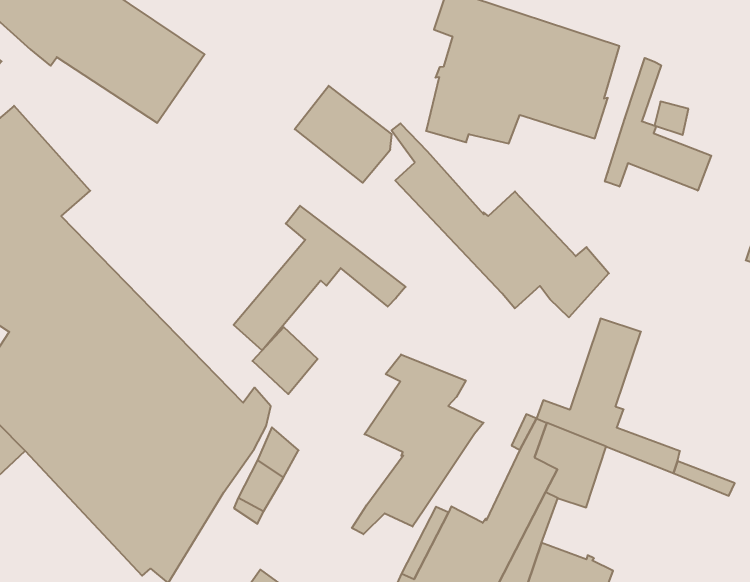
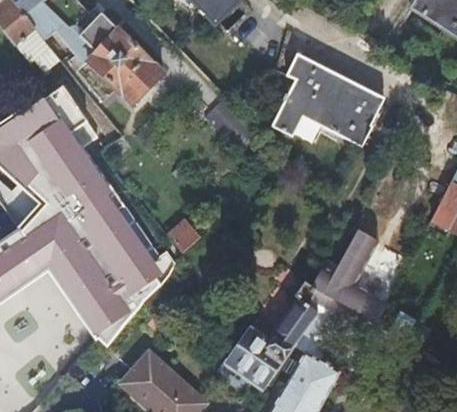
building: [605,58,711,191] -> none
building: [392,123,609,317] -> none
building: [234,206,406,351] -> none
building: [352,354,484,534] -> none

